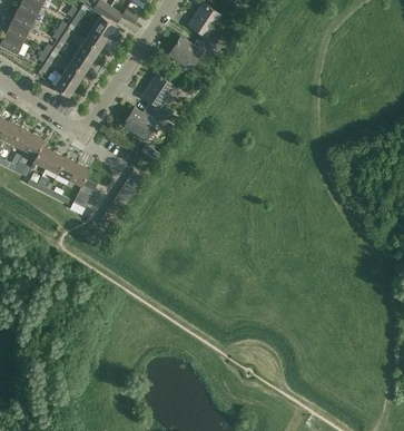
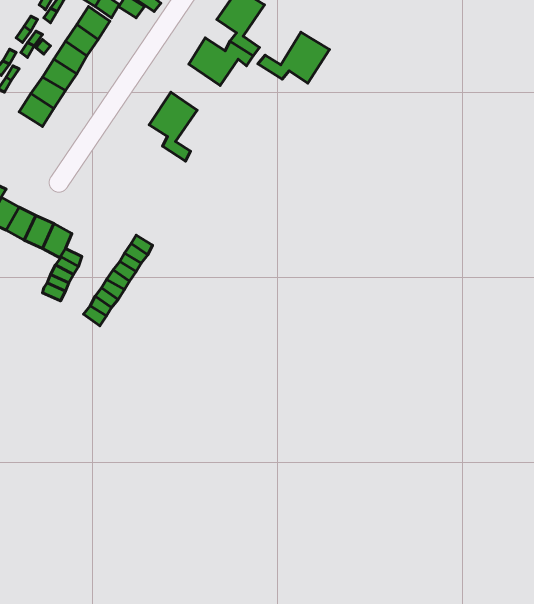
building: none -> [258,32,329,83]
building: [122,108,167,140] -> none

